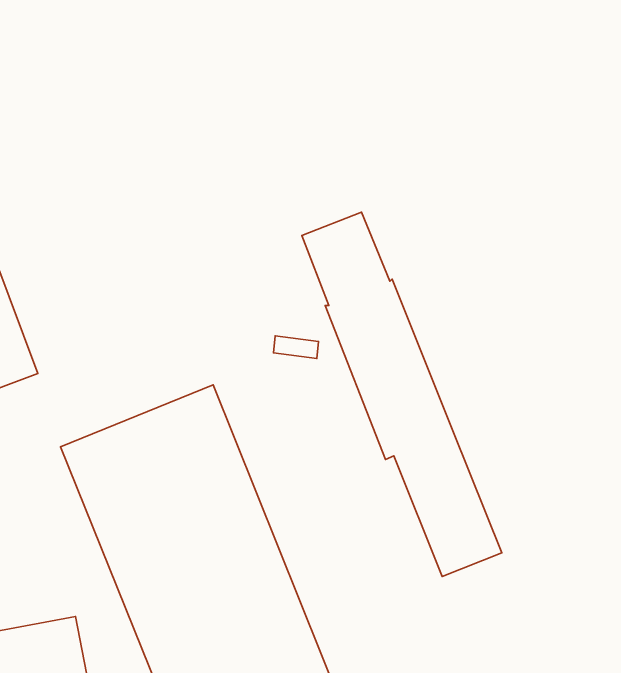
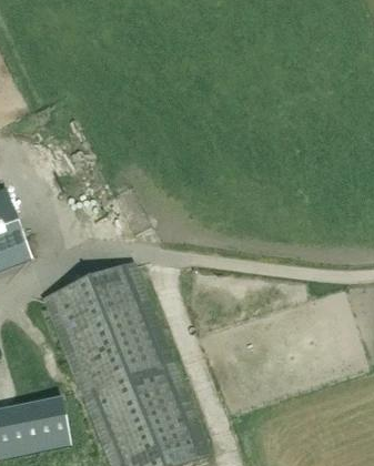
building: [302,212,502,576] -> none

